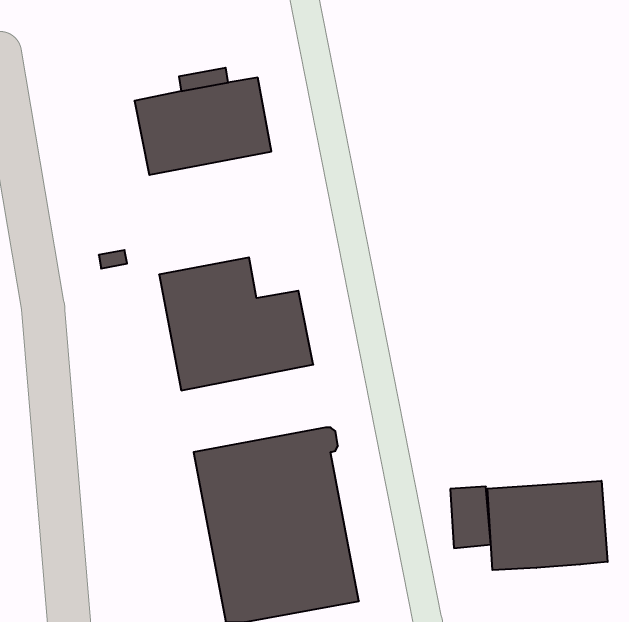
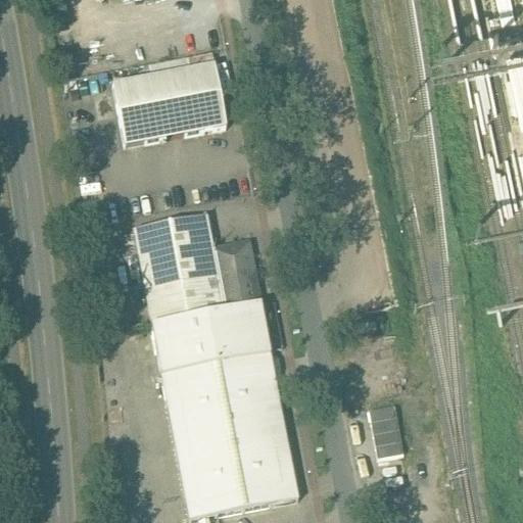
building: none -> [151,302,271,375]
building: [487,481,608,570] -> none

